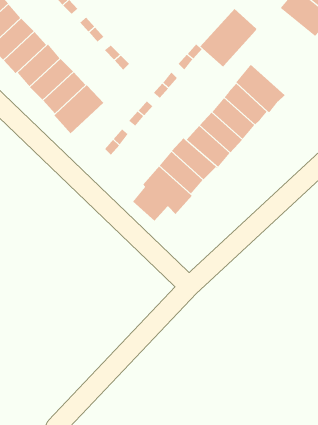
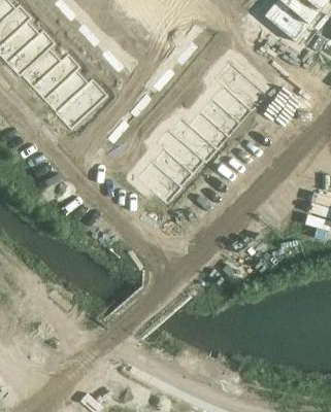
building: [199,8,257,68] -> none

